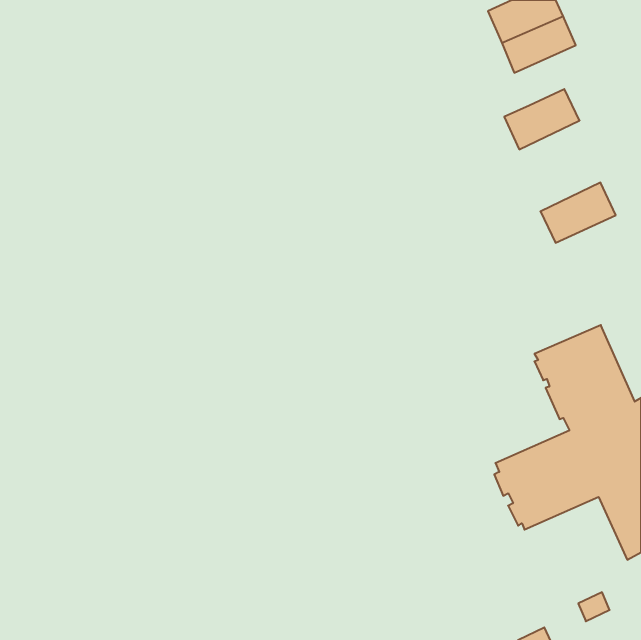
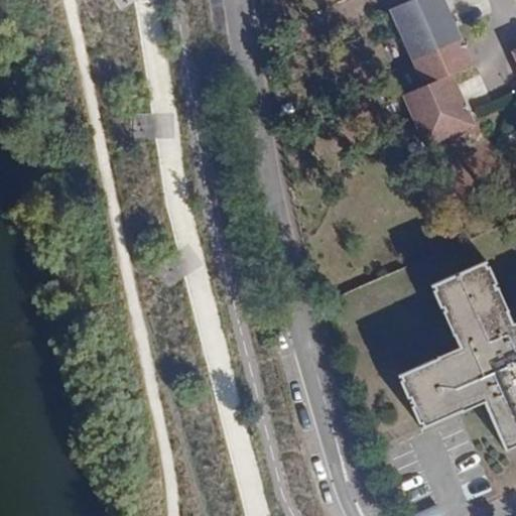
building: none -> [413,37,475,86]
building: [540,183,616,243] -> [417,98,478,146]

